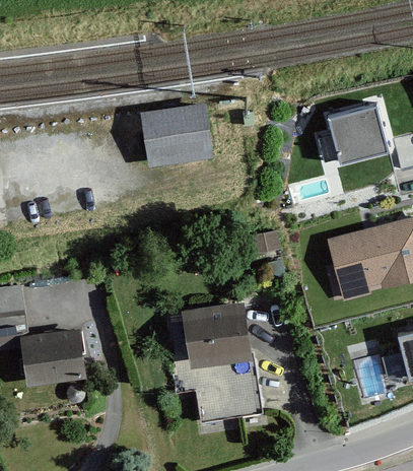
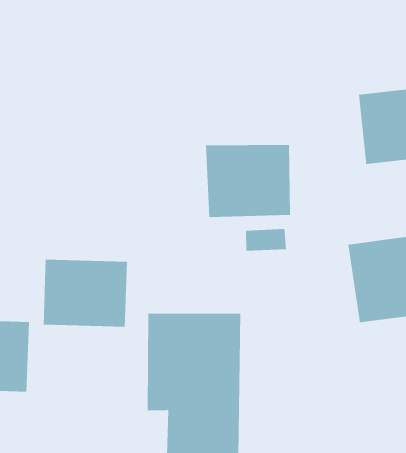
building: [145,106,219,171] -> [205,144,291,217]
building: none -> [43,259,127,328]

